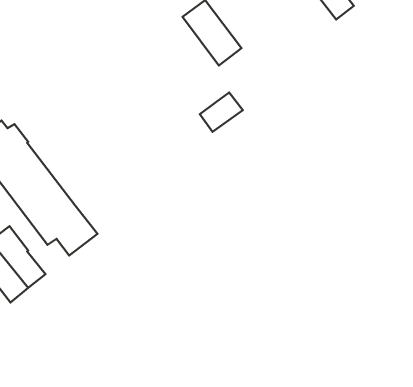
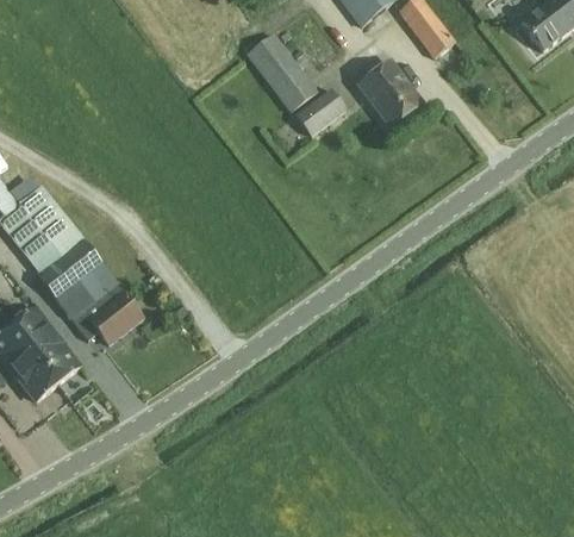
building: none -> [358,60,422,125]
building: [200,93,243,132] -> [294,86,347,133]

